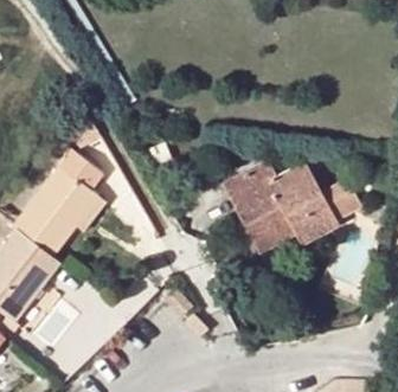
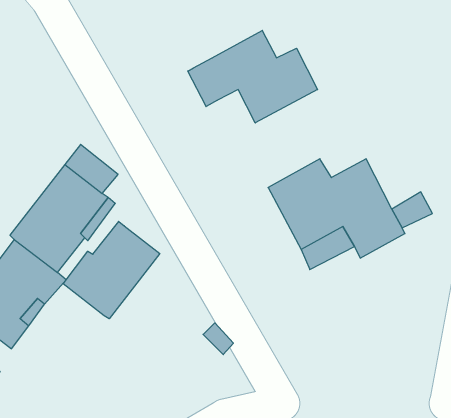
building: none -> [188,30,318,123]
building: none -> [63,221,160,319]

